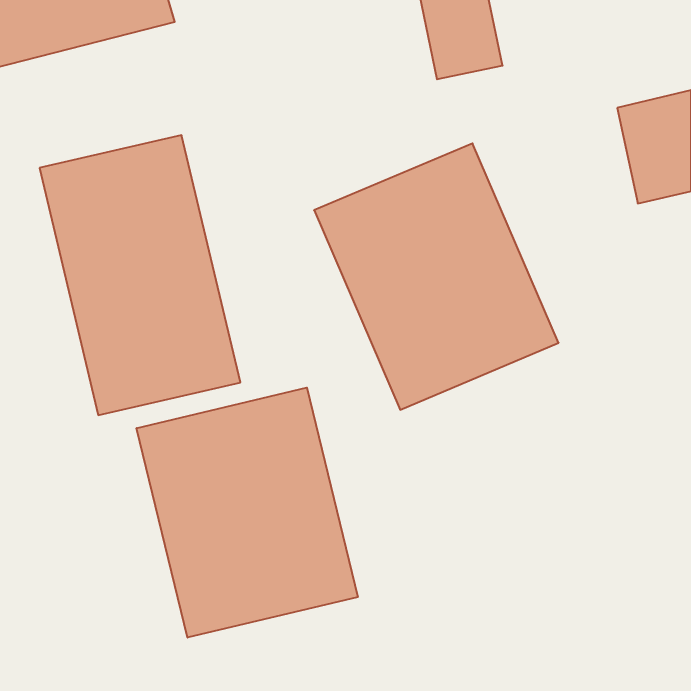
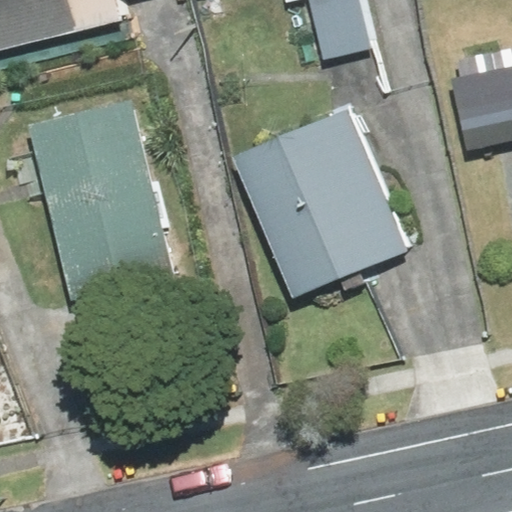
building: [137,388,358,638] -> none

